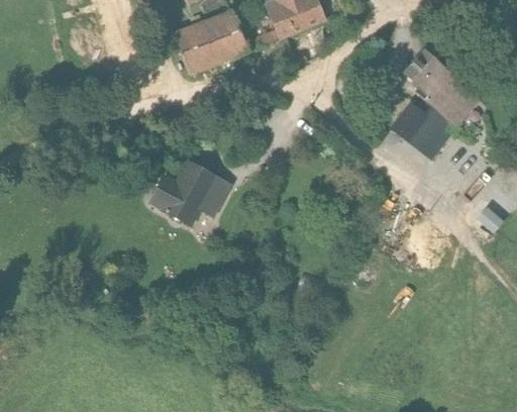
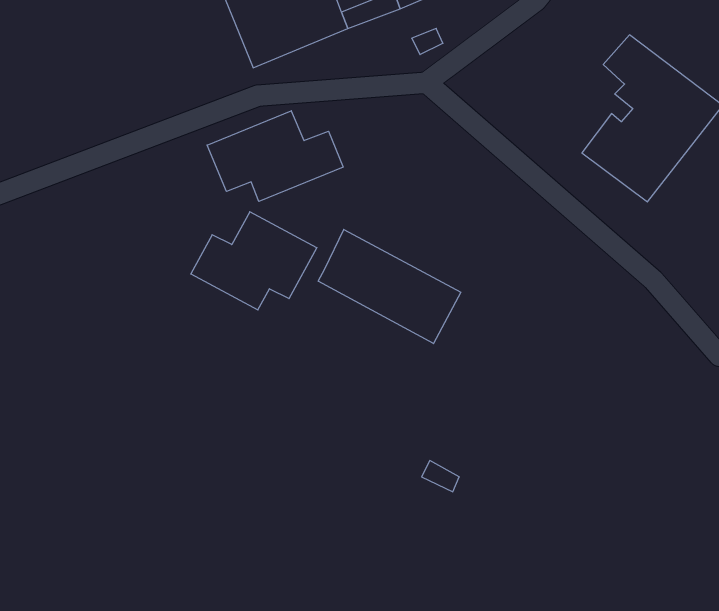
building: none -> [207,111,343,201]
building: none -> [318,229,461,344]

